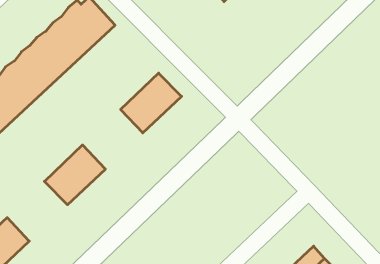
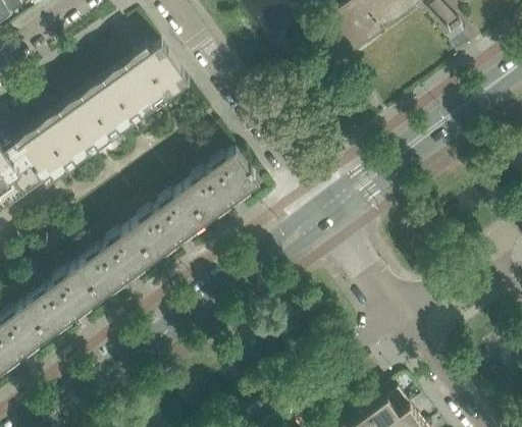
building: none -> [128,186,205,258]
building: none -> [23,263,100,334]

